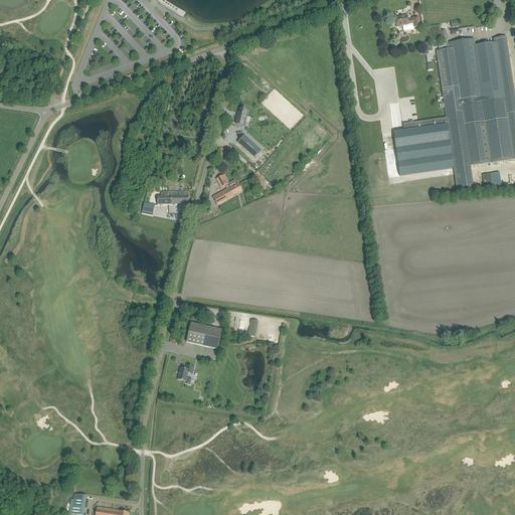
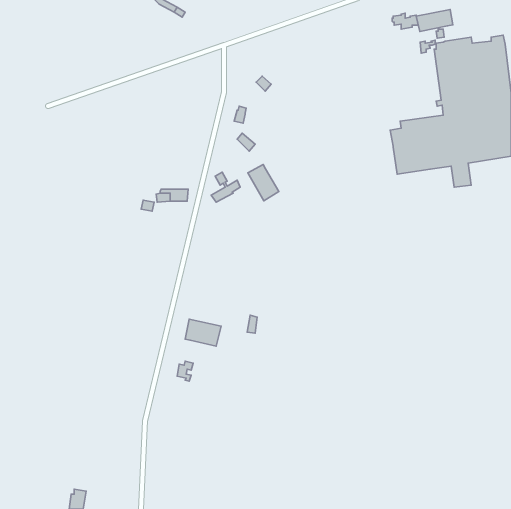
building: none -> [416,10,453,31]
building: none -> [248,164,279,201]

